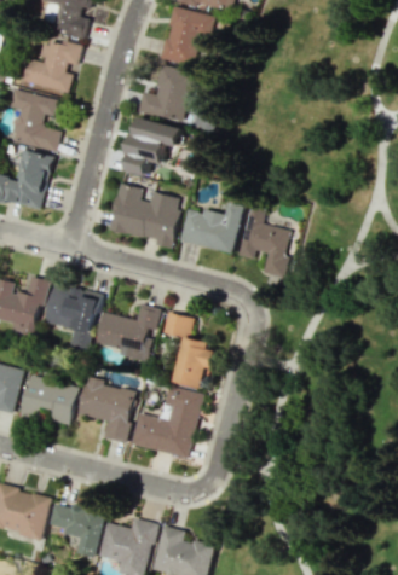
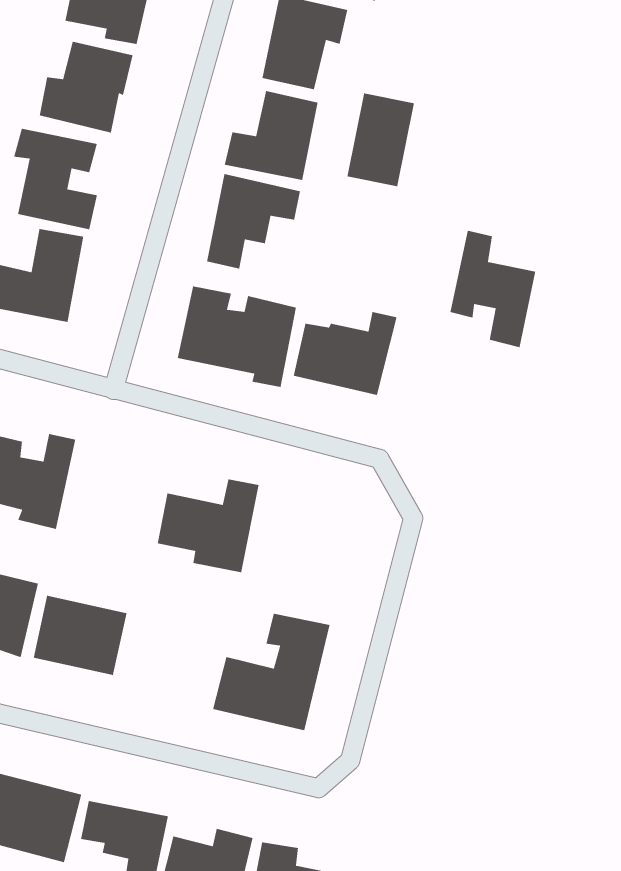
building: none -> [347,93,415,187]
building: [240,205,293,278] -> [449,230,536,348]
building: [45,284,102,349] -> none
building: [163,312,213,389] -> none
building: [79,379,137,443] -> none

